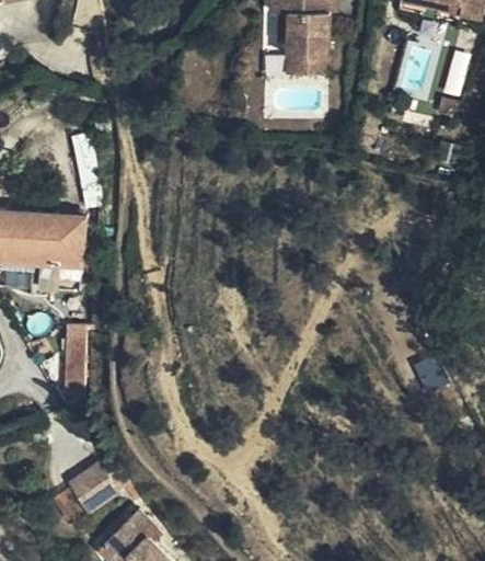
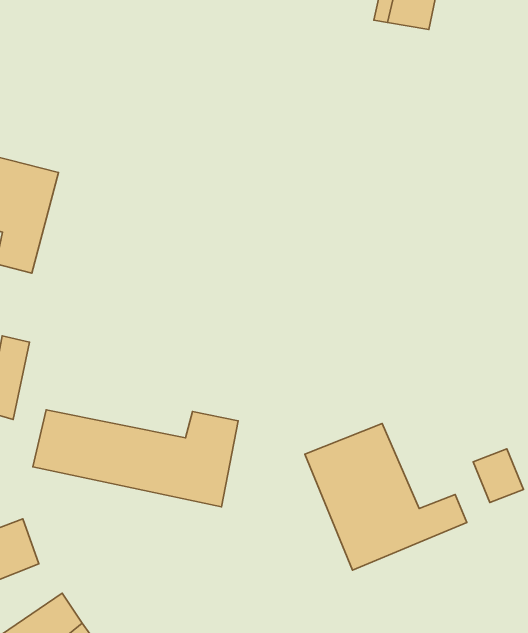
building: none -> [305,423,467,570]
building: none -> [33,410,238,507]

